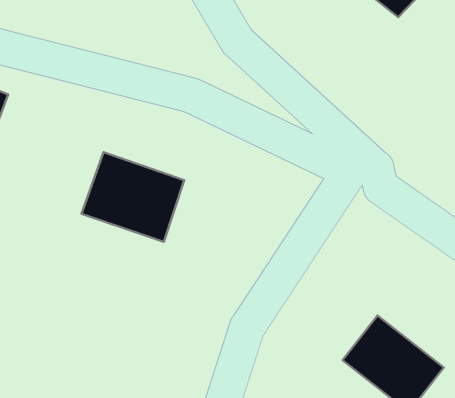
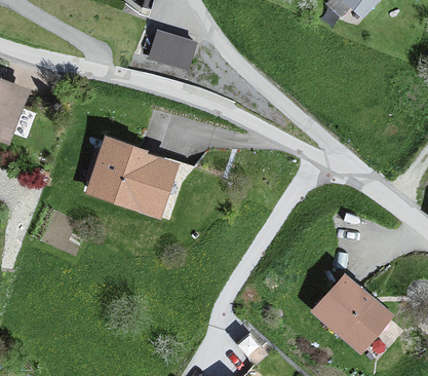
building: none -> [149,29,195,65]

